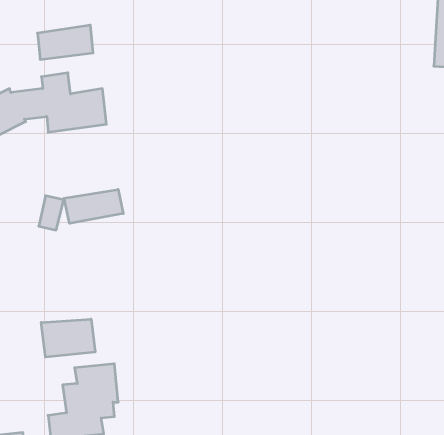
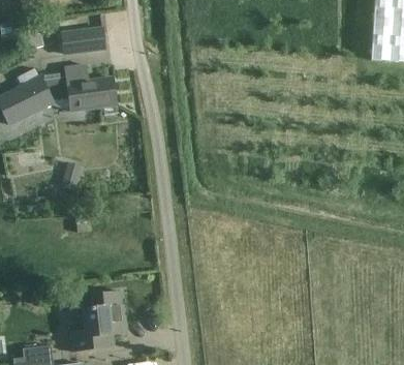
building: [64,189,123,223] -> none
building: [41,319,95,357] -> none

